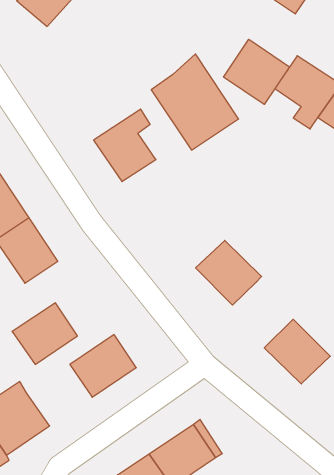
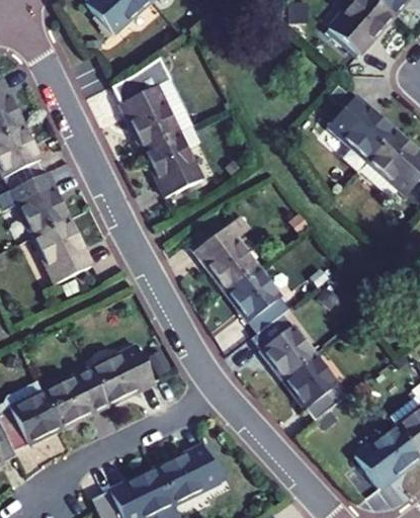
building: [224,39,290,104] -> none
building: [151,54,239,150] -> [112,57,194,151]
building: none -> [195,214,259,290]
building: none -> [252,313,316,378]
building: [12,303,77,364] -> [44,368,107,426]

